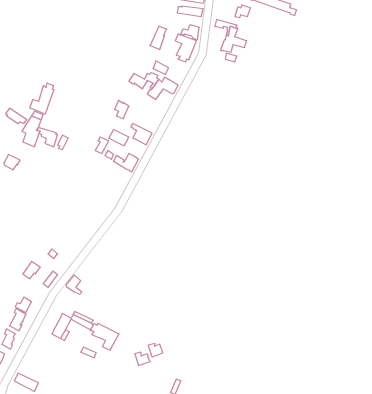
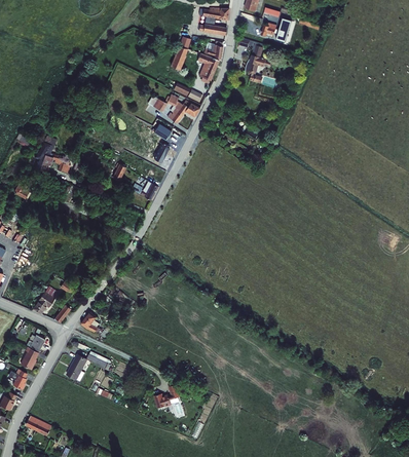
building: [30,83,54,114] -> none
building: [90,323,119,350] -> none

